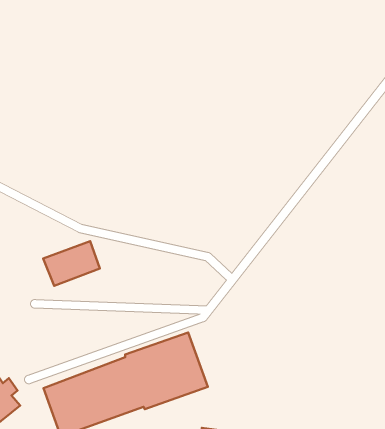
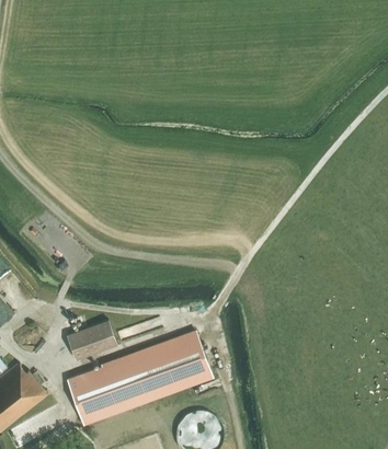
building: [43,241,100,286] -> [66,321,116,360]

